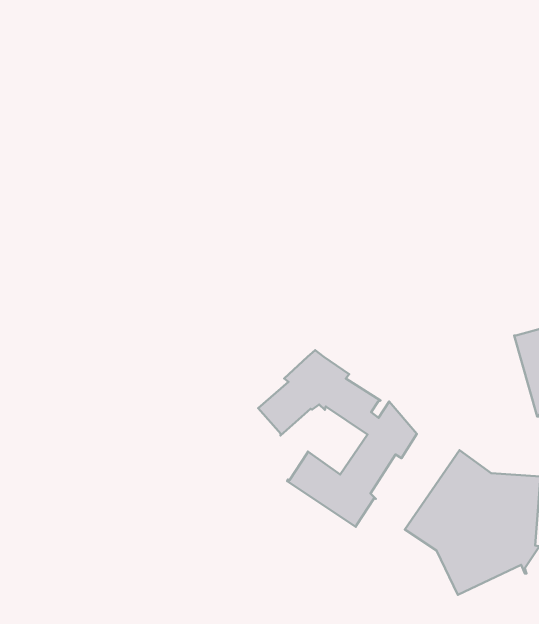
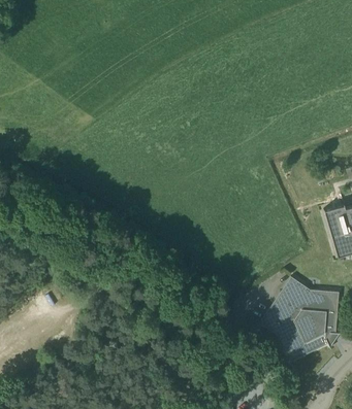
building: [258,350,417,527] -> none

